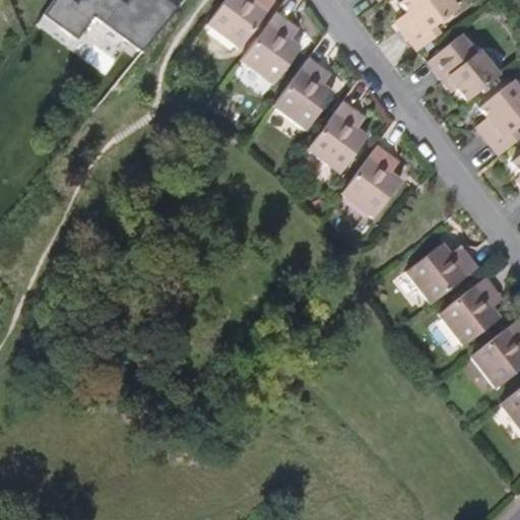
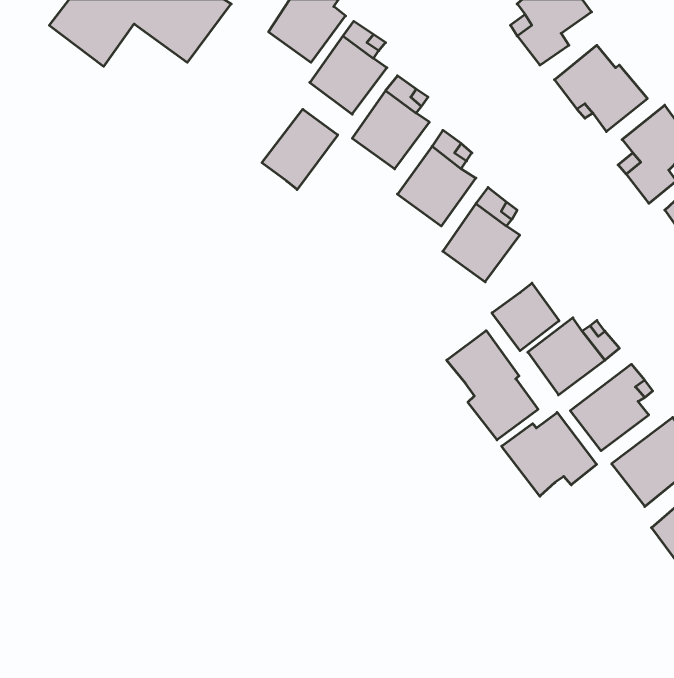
building: none -> [262,109,338,190]
building: none -> [492,283,559,351]
building: none -> [447,331,538,440]
building: none -> [502,412,597,496]

